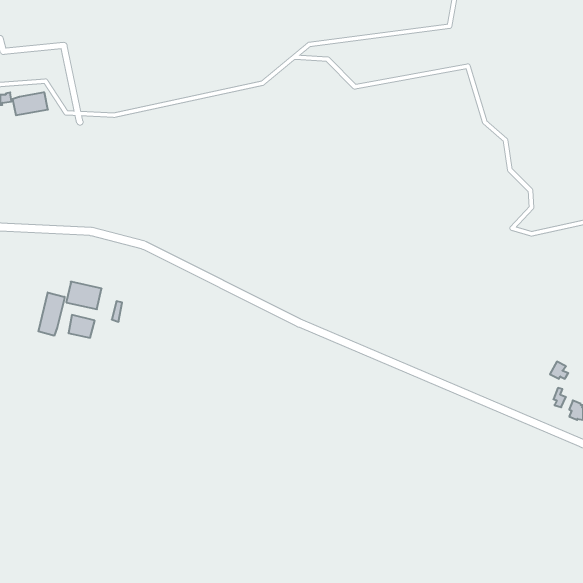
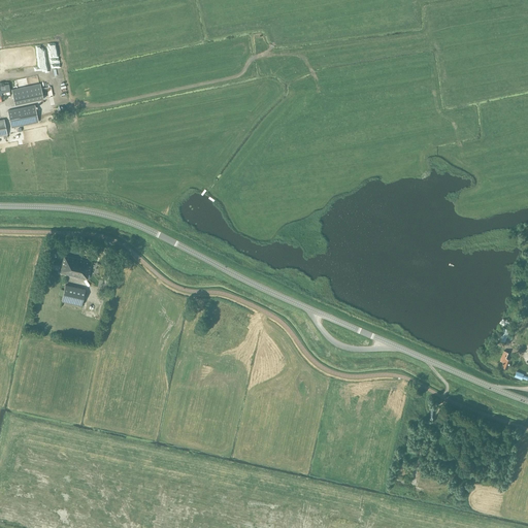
building: none -> [7,104,38,127]
building: [38,292,65,336] -> none

